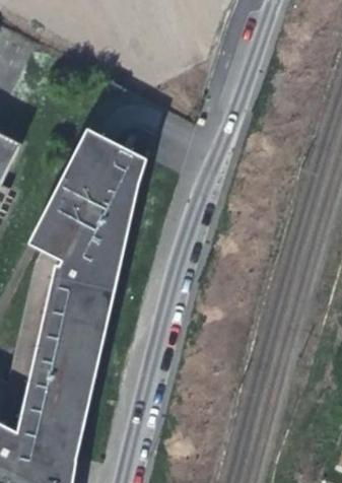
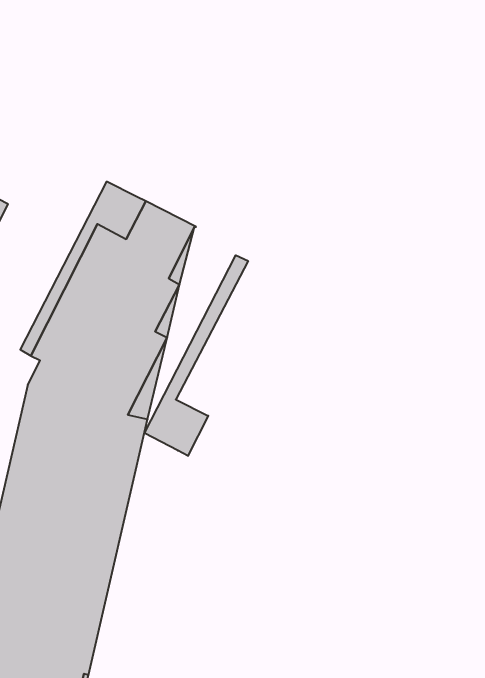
building: none -> [144,255,248,456]

